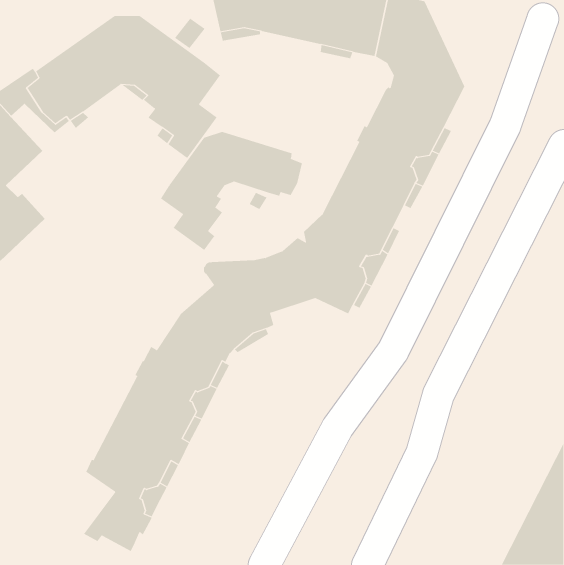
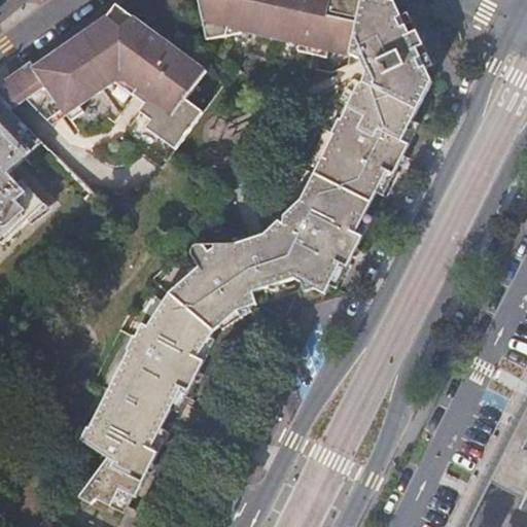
building: [160,131,303,251] -> none

